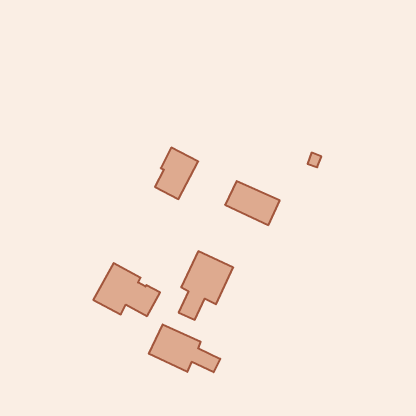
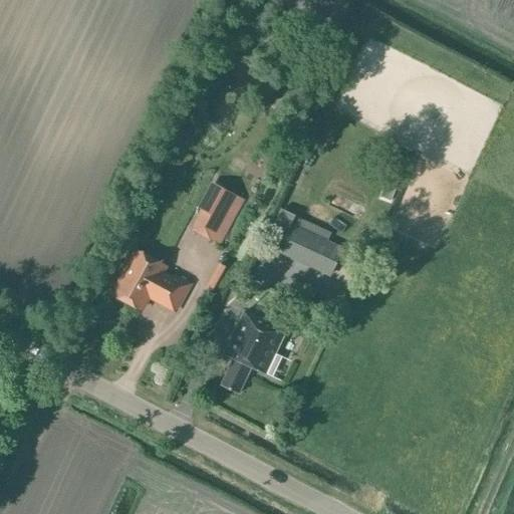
building: [93,263,160,316] -> [110,248,193,313]
building: [149,324,220,372] -> none

